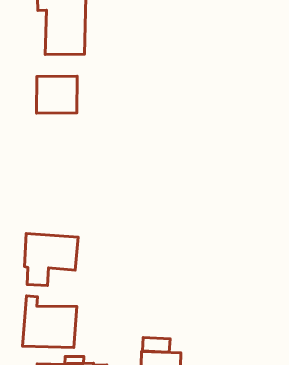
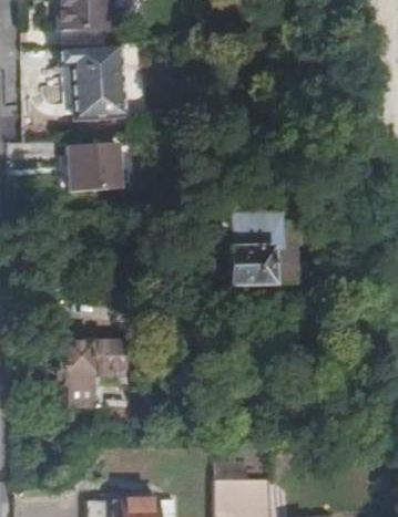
building: none -> [231,214,299,283]
building: [23,296,77,348] -> none

